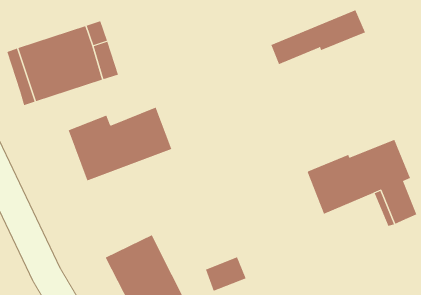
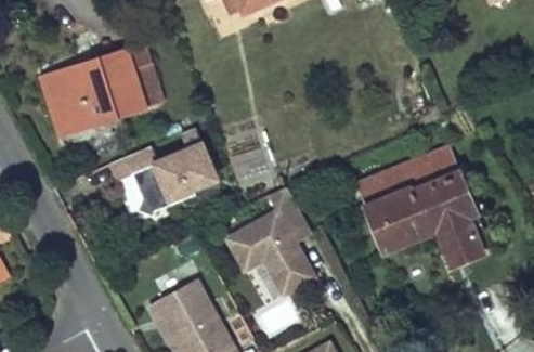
building: [270,10,366,65] -> [357,147,460,207]
building: none -> [221,185,317,301]

